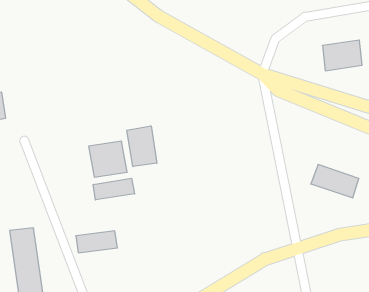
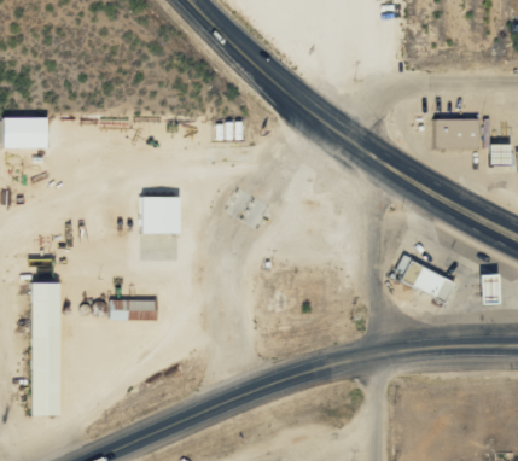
building: [127,126,157,167] -> none
building: [93,178,135,200] -> none

